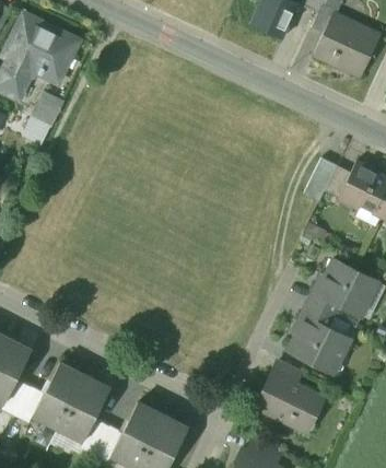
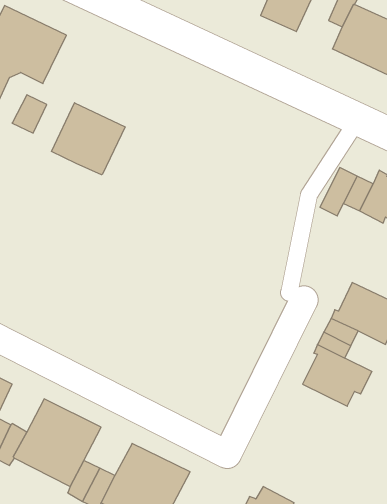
building: none -> [52,103,125,175]
building: [255,361,324,426] -> none

